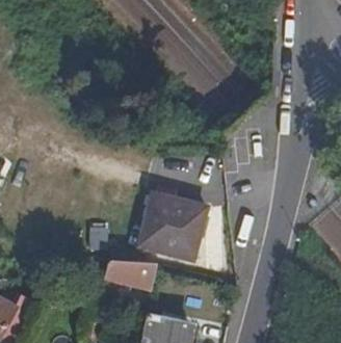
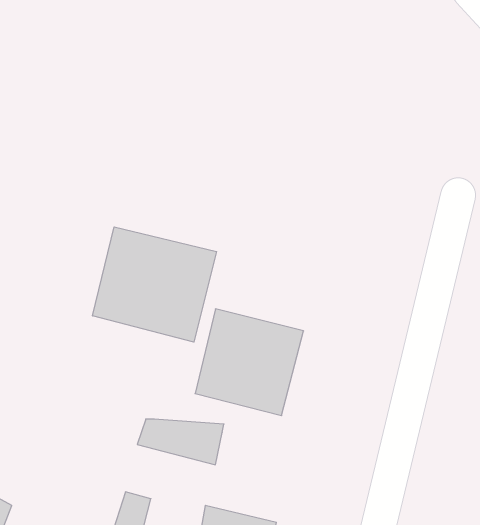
building: none -> [93,227,217,342]

